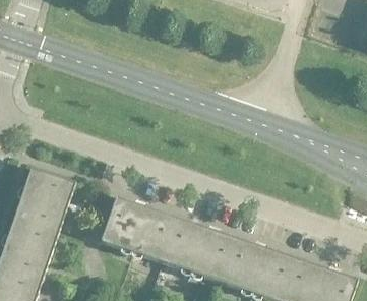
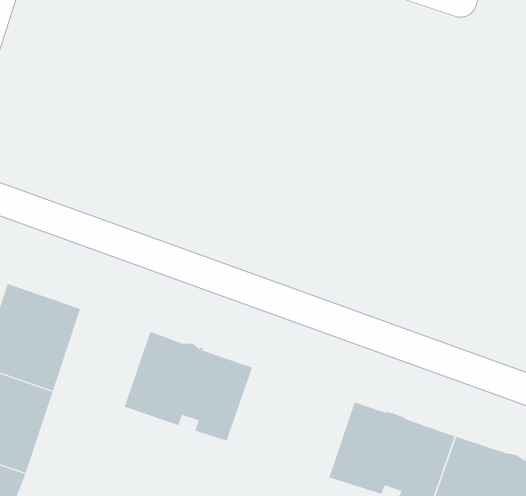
building: [161,219,236,284] -> none

